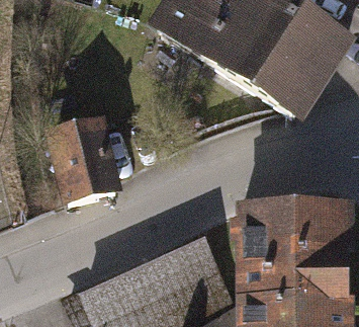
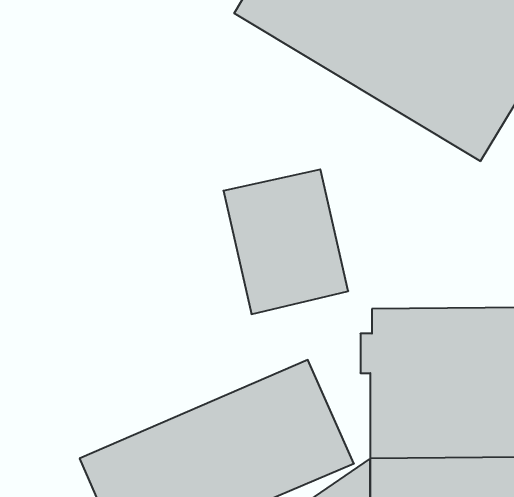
building: [49,117,125,207] -> [223,169,348,314]

